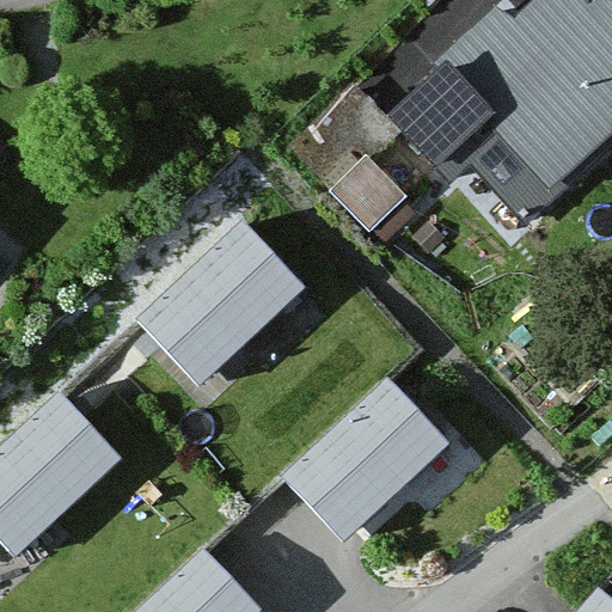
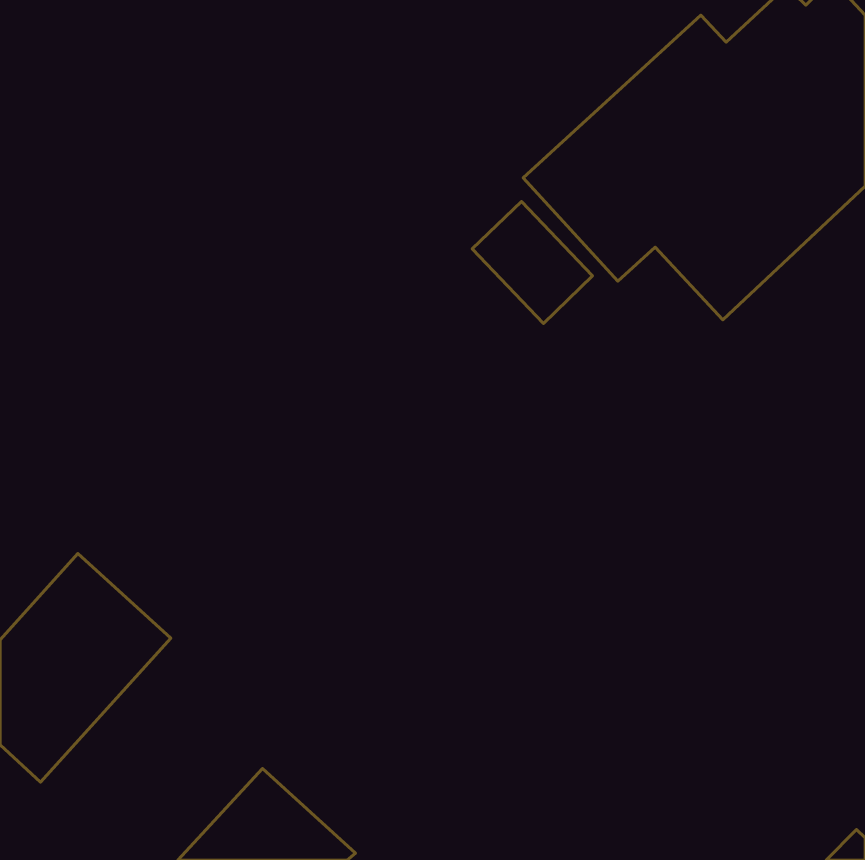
building: [137,227,295,388] -> none
building: [295,368,453,528] -> none

